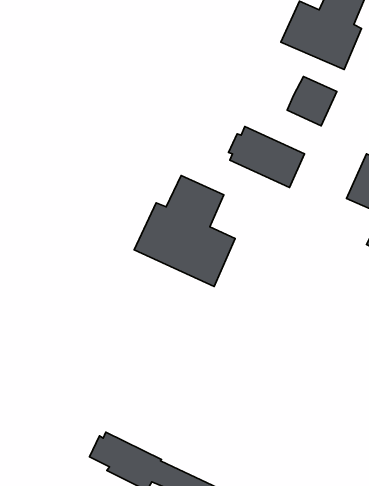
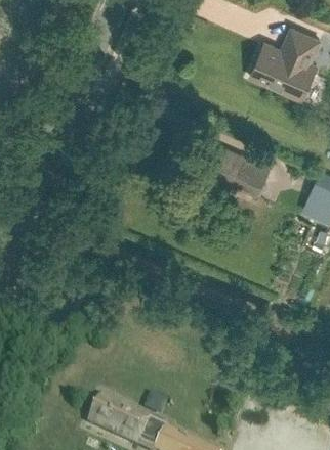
building: [287,76,337,126] -> none
building: [134,176,235,287] -> none

